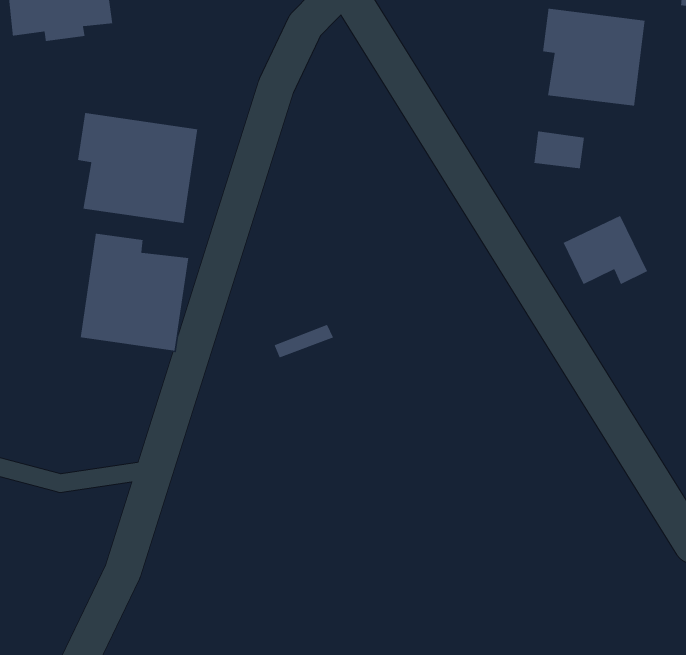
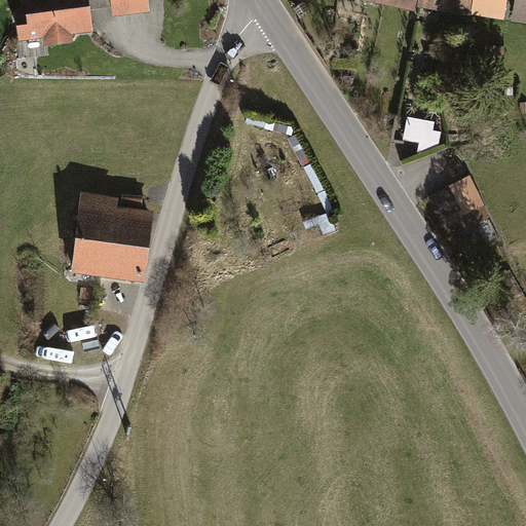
building: [542,8,646,106] -> none
building: [77,112,198,224] -> none

